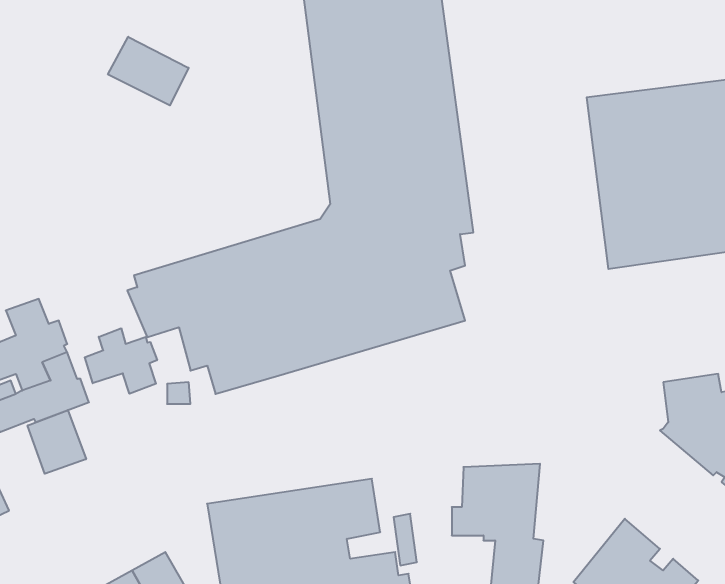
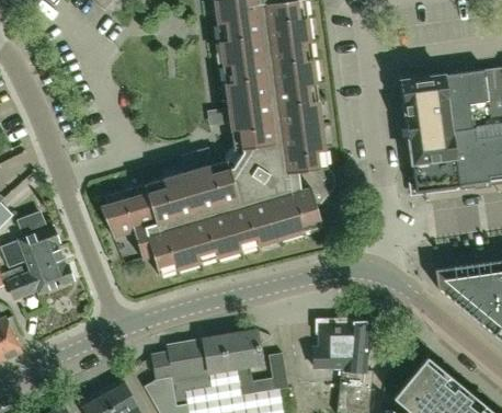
building: [108,37,189,105] -> none
building: [85,328,157,394] -> none
building: [28,410,86,474] -> none

